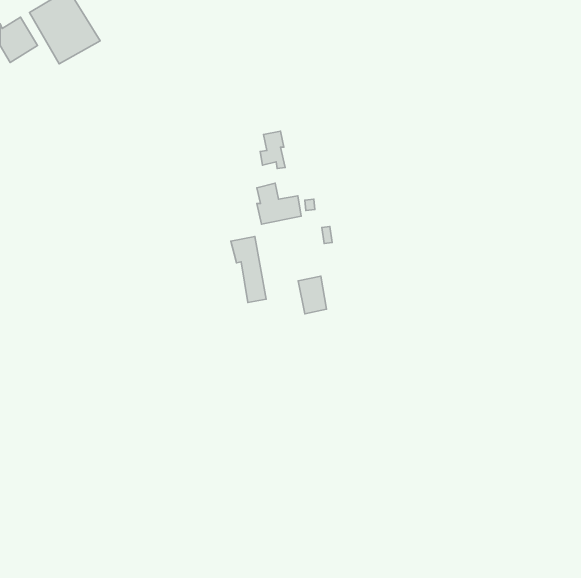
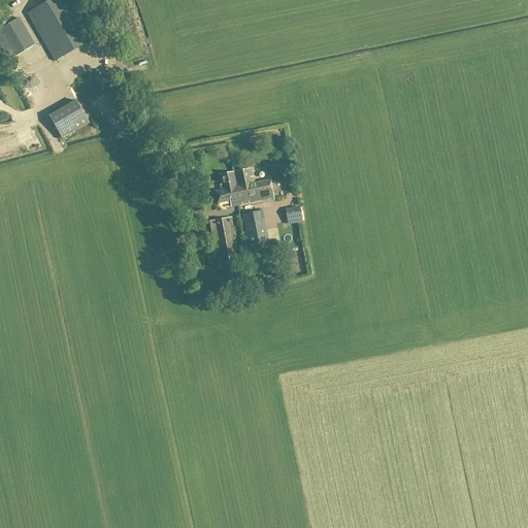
building: none -> [50,101,89,138]
building: [260,131,285,169] -> [214,170,237,204]
building: [298,276,326,314] -> [241,208,267,242]

